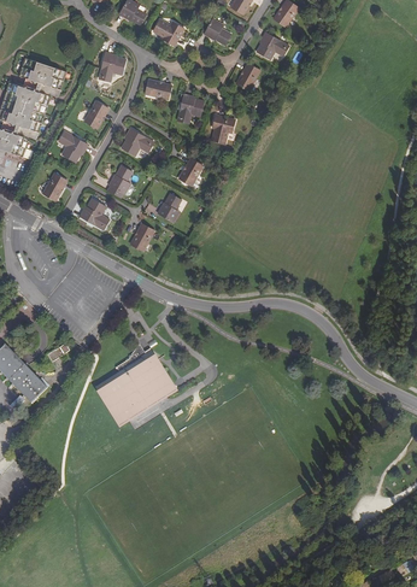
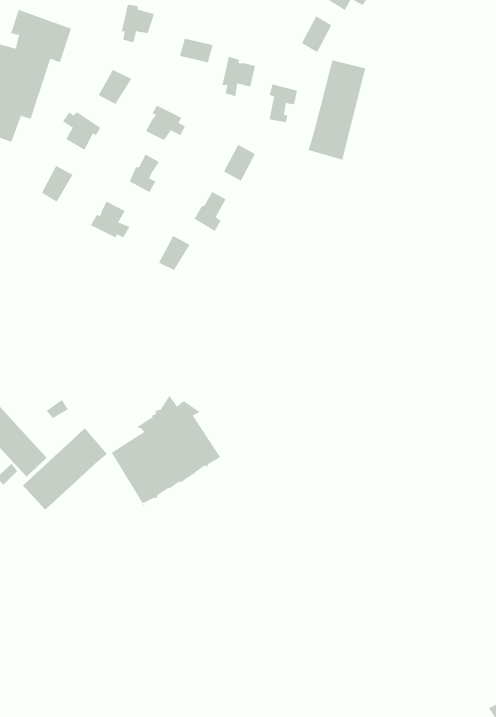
building: none -> [308,60,366,160]
building: none -> [22,427,108,510]

